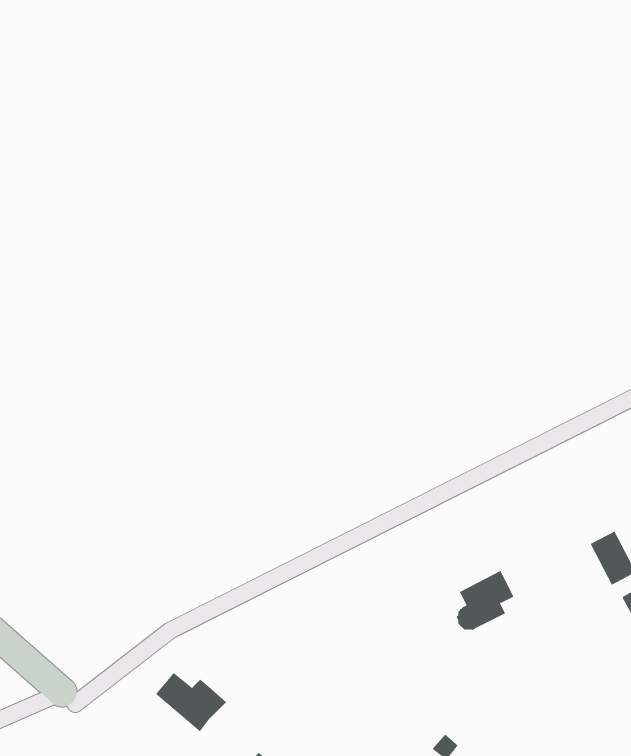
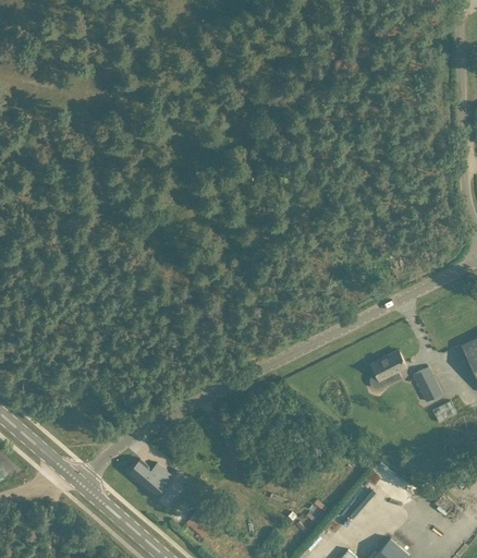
building: [456,570,514,630] -> [369,351,407,390]

